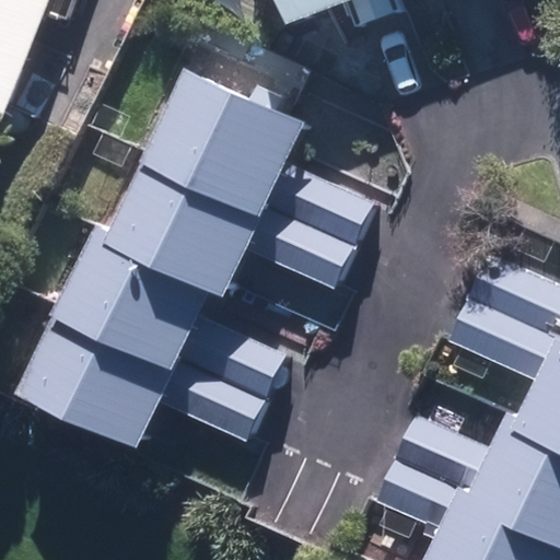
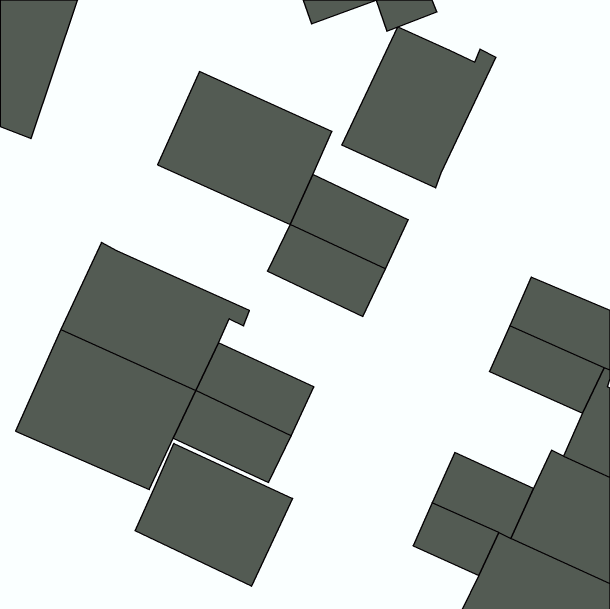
building: none -> [342,27,496,188]
building: [107,152,266,285] -> none
building: none -> [135,443,293,586]

